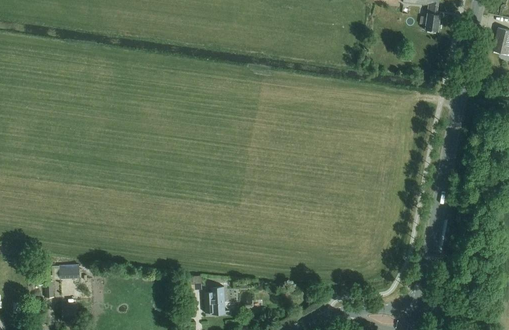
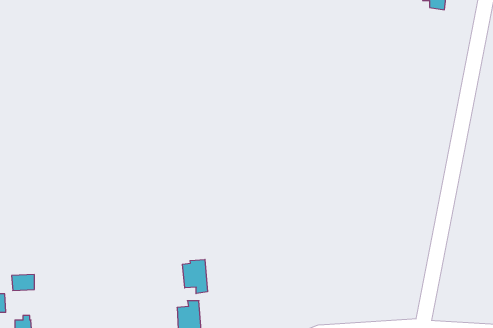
building: none -> [182,259,207,294]

